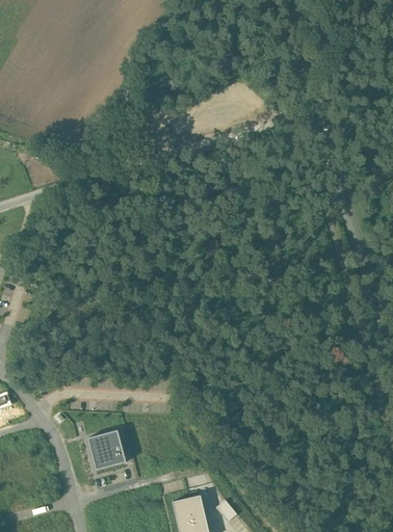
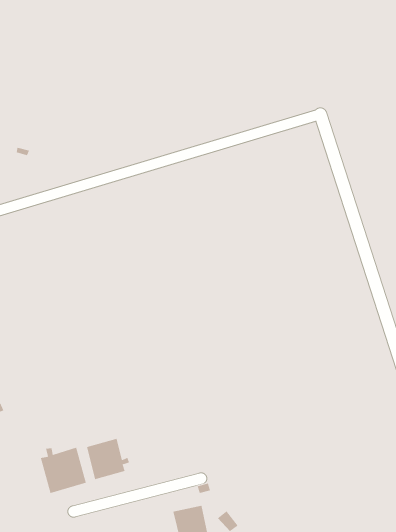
building: none -> [40,447,86,494]

